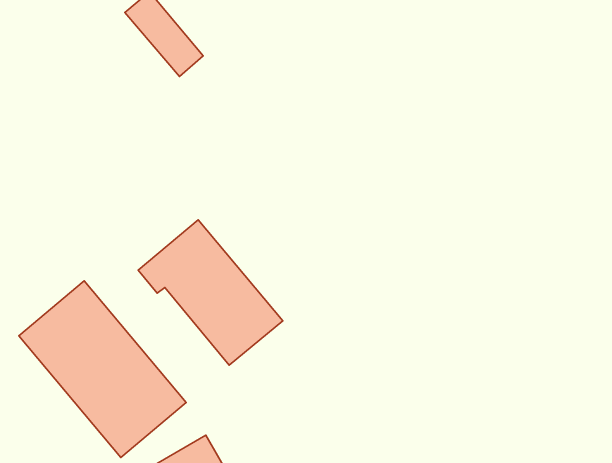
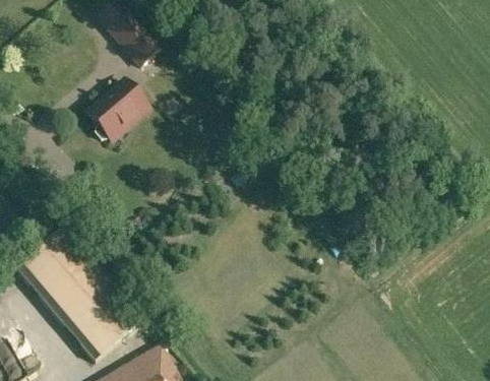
building: none -> [87,79,149,140]
building: [138,220,283,365] -> none

